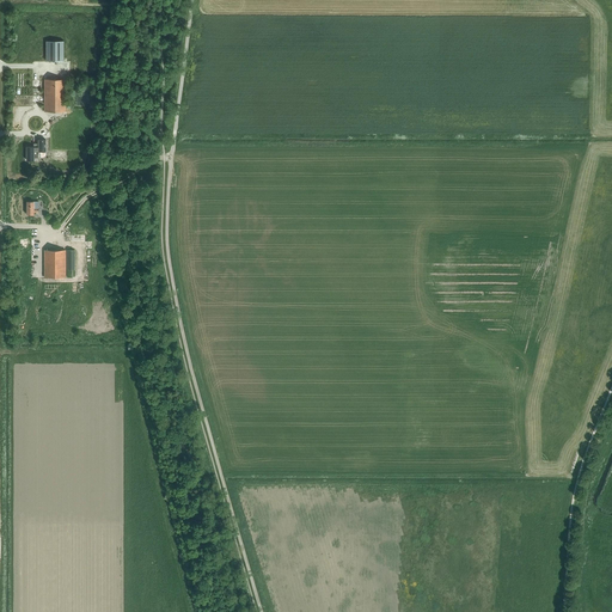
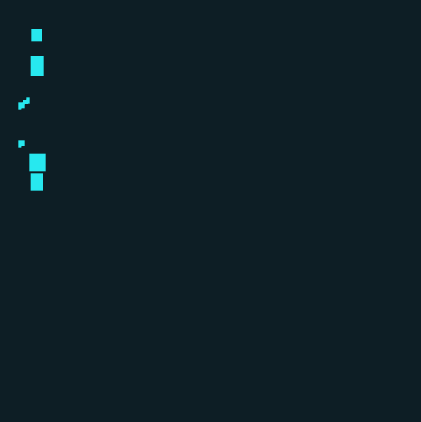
building: none -> [29,153,47,172]

